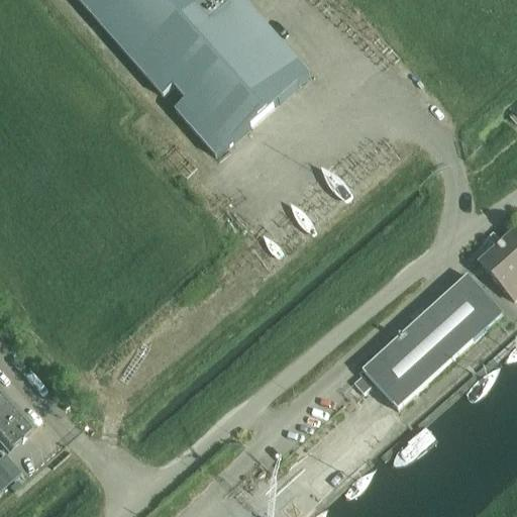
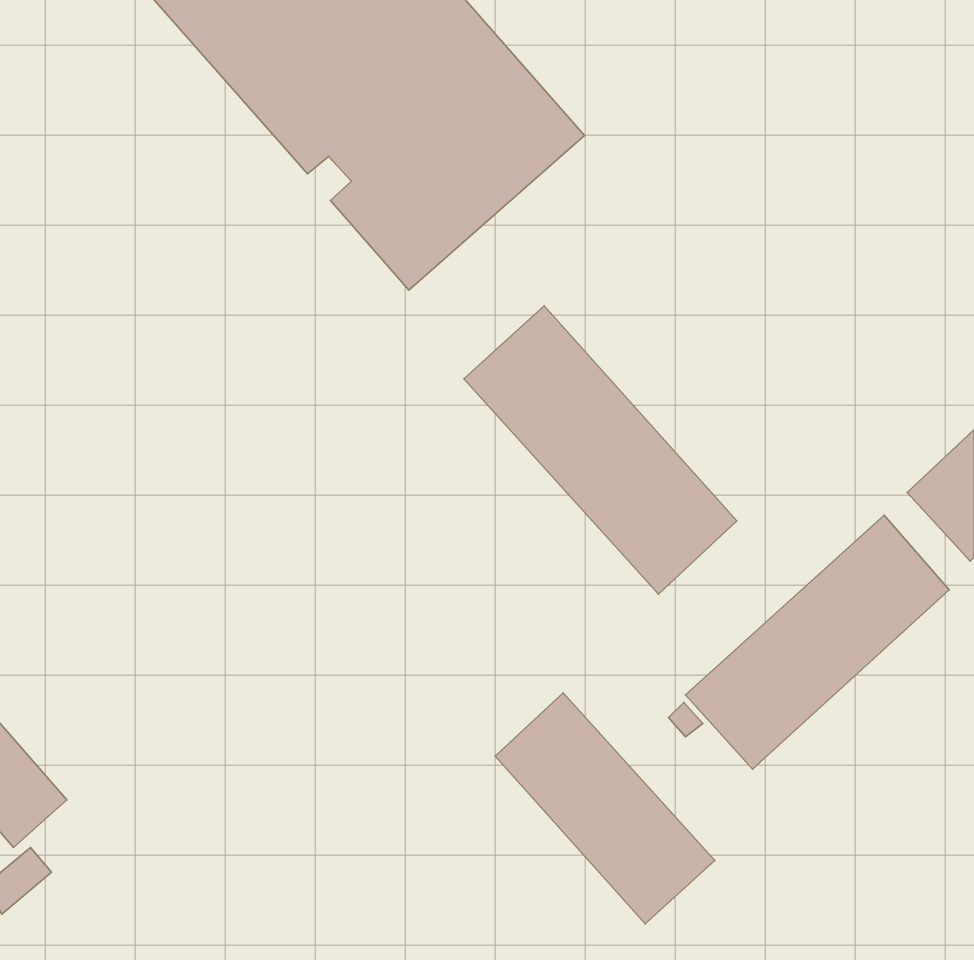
building: none -> [464,306,737,594]
building: none -> [495,693,715,924]

